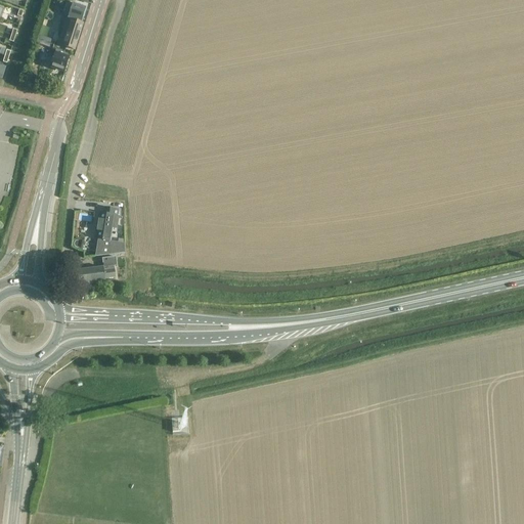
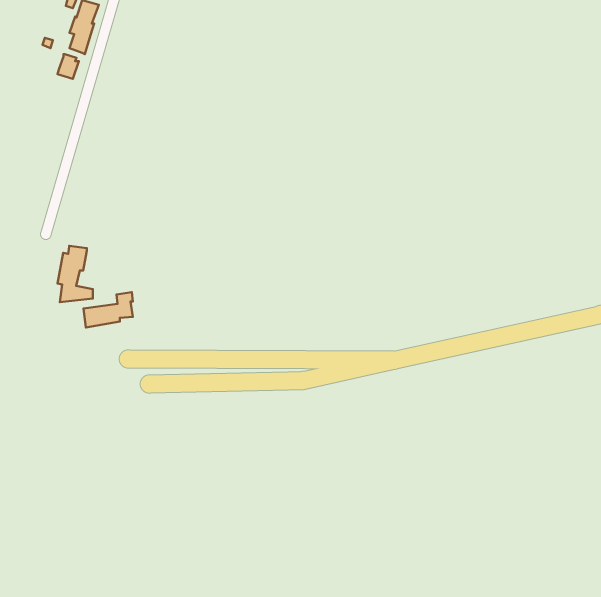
building: [93,204,124,253] -> [57,246,93,302]

